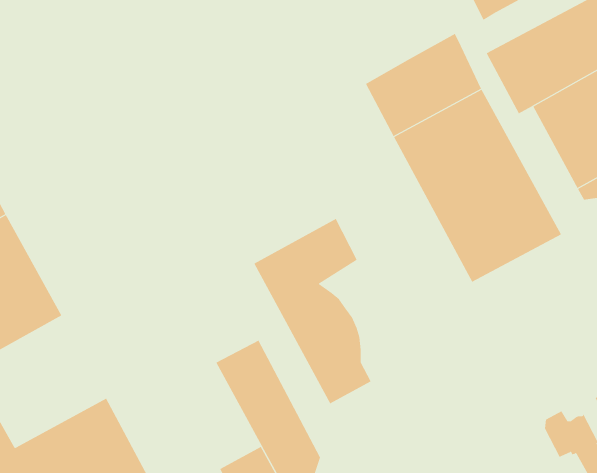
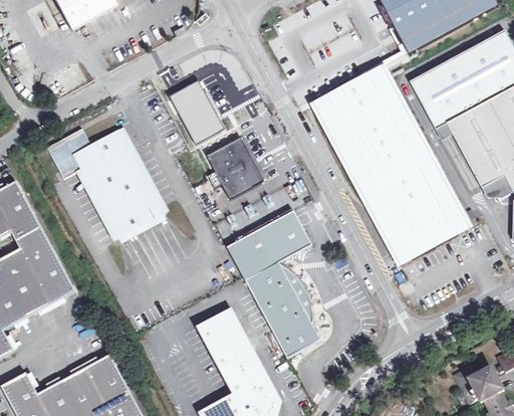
building: none -> [171,81,224,144]
building: none -> [47,128,165,239]
building: none -> [206,138,264,200]

